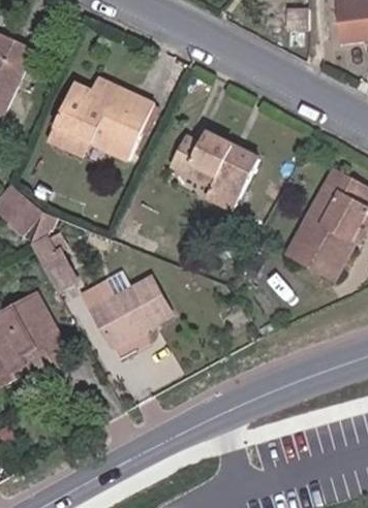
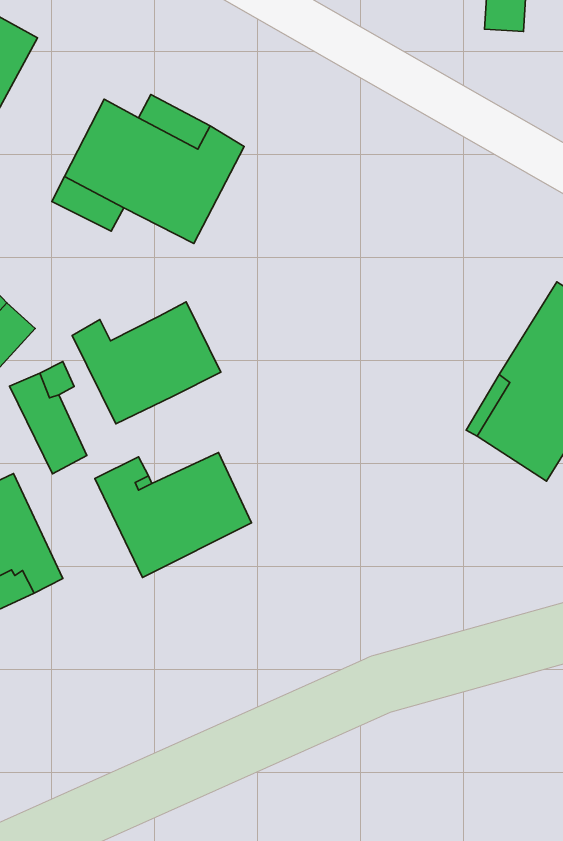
building: [171,130,258,209] -> none
building: none -> [72,302,221,424]

